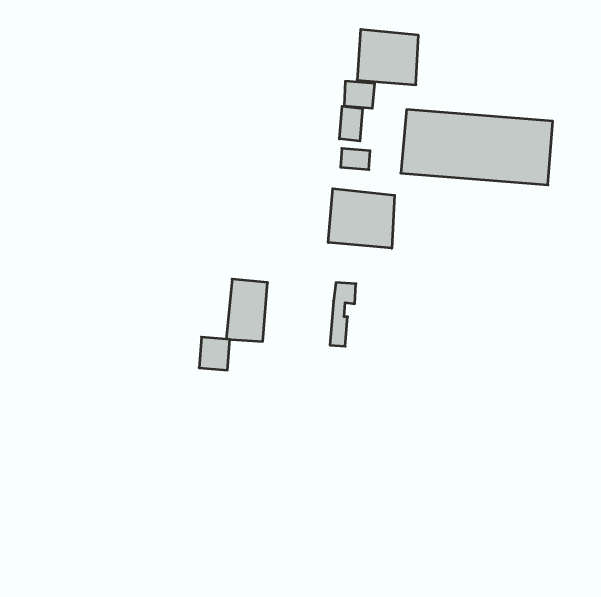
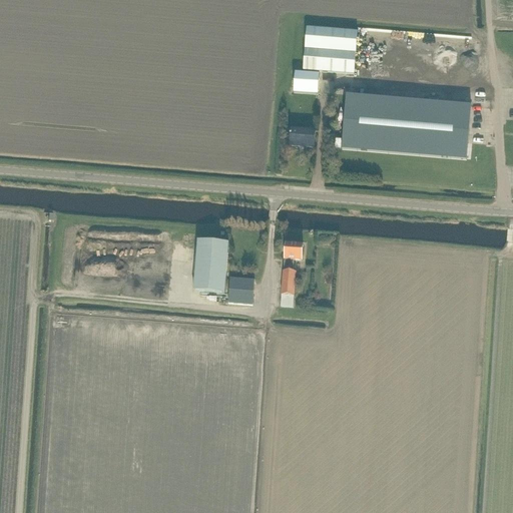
building: [339,106,363,141] -> none
building: [328,189,395,248] -> none
building: [199,337,230,370] -> [227,276,253,304]

